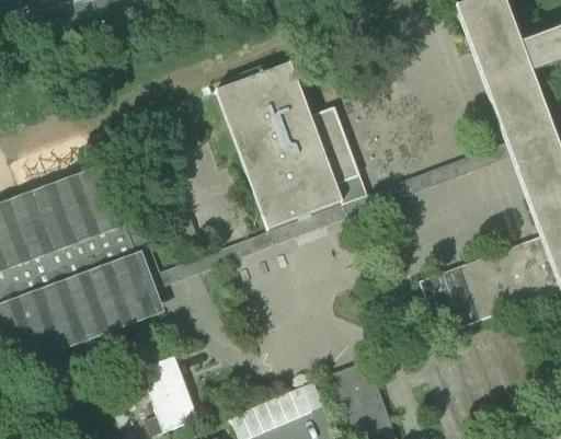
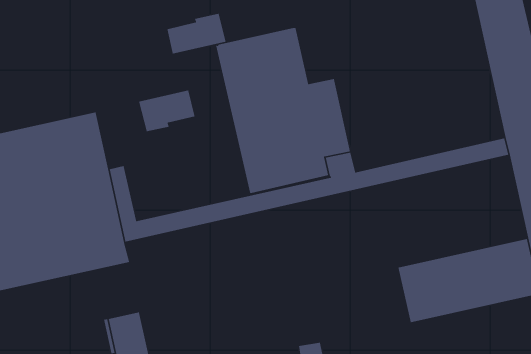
building: none -> [166,13,226,54]
building: none -> [138,89,195,132]

